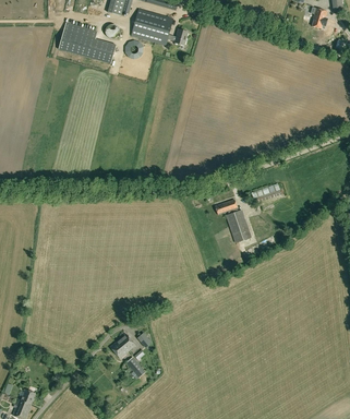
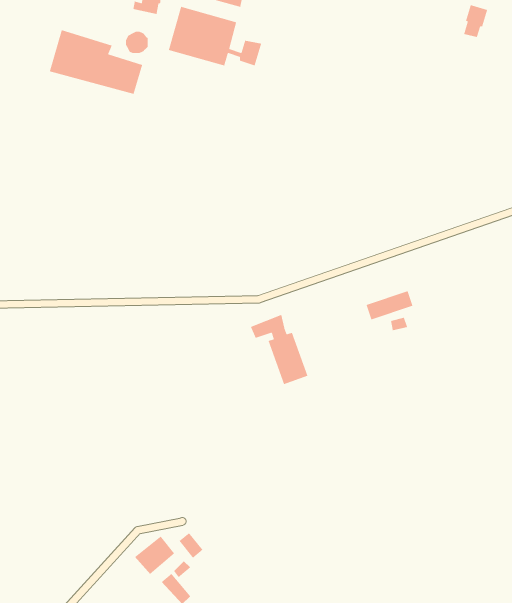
building: [215,199,251,242] -> [250,314,308,385]

